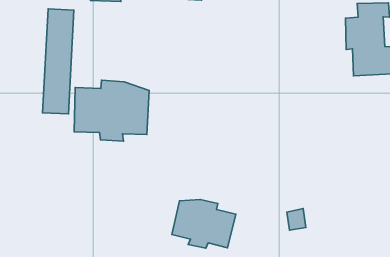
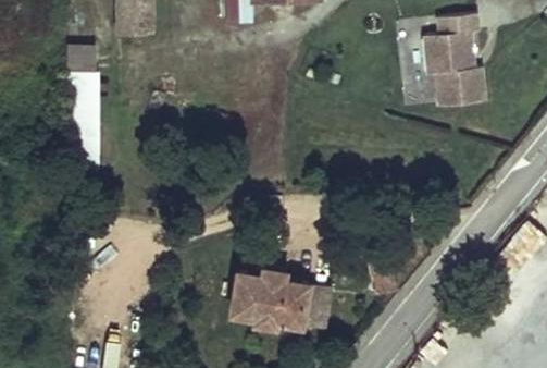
building: [74,80,149,141] -> none
building: none -> [300,284,331,330]

